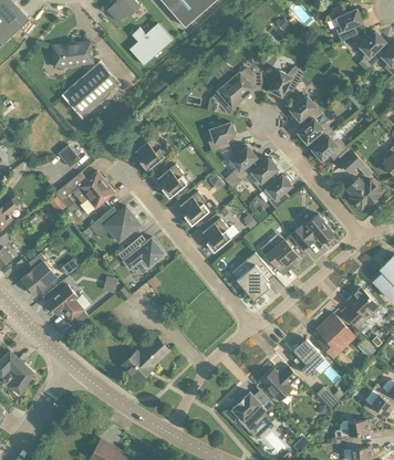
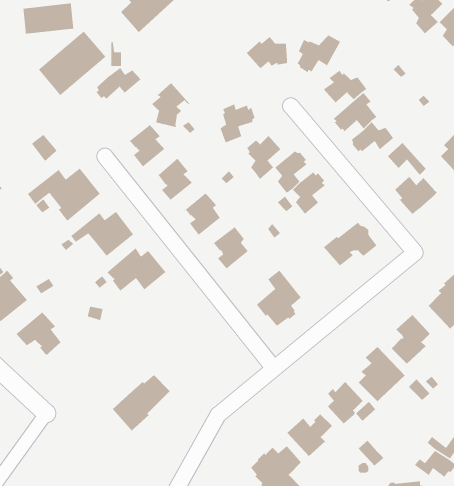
building: [211,79,242,116] -> [151,80,190,128]
building: none -> [95,67,142,100]
building: [259,239,301,271] -> none

